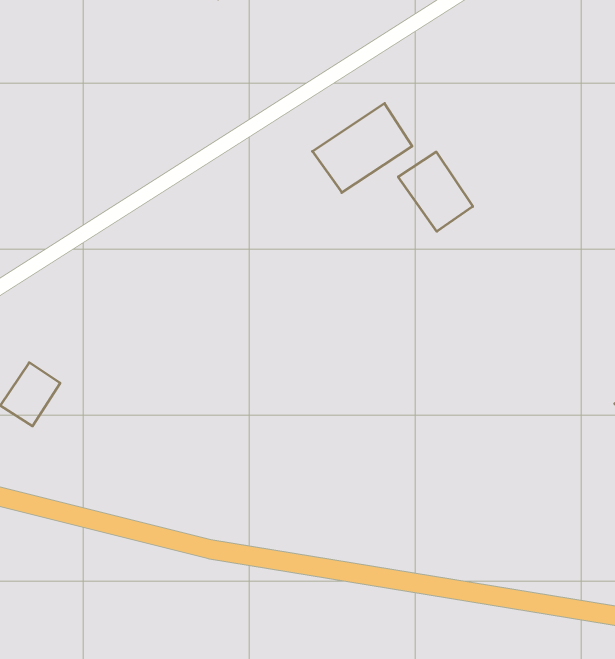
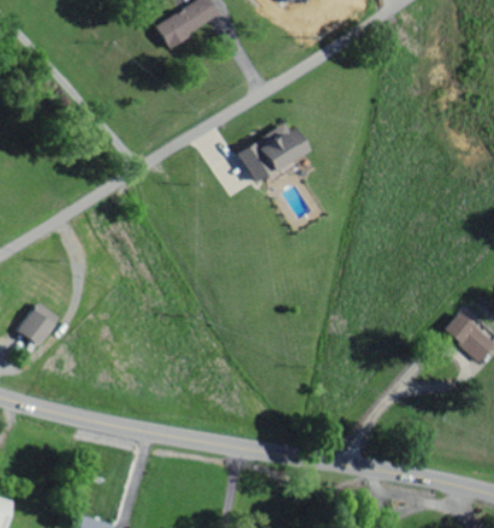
building: [398,152,473,231] -> none

